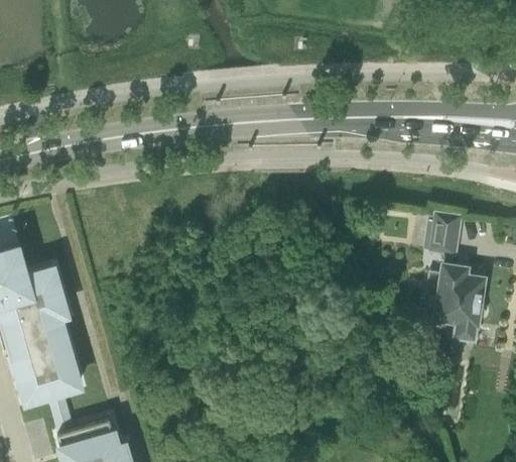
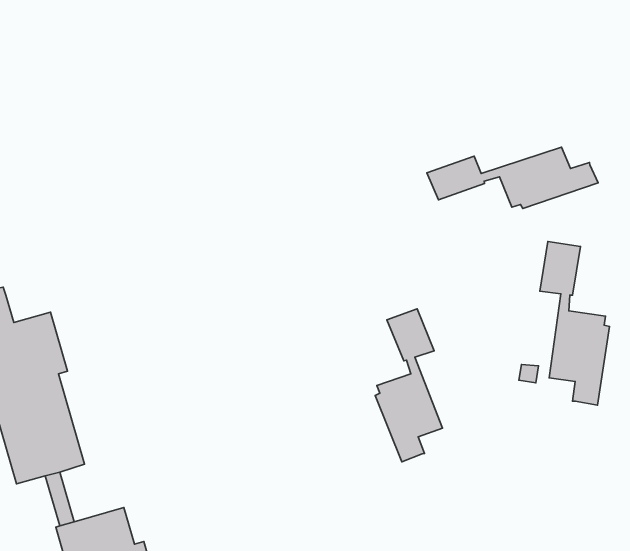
building: none -> [427,147,598,209]
building: none -> [375,309,442,462]

